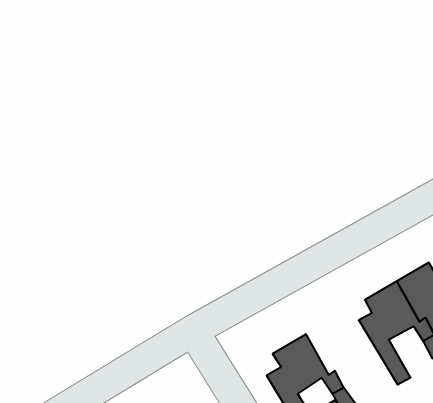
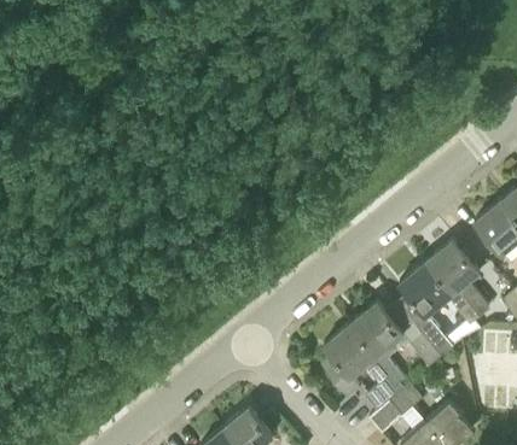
building: none -> [350,303,441,368]

